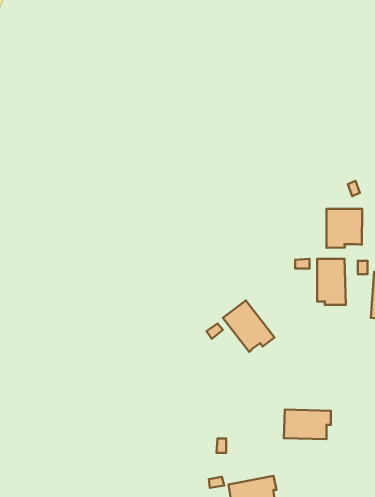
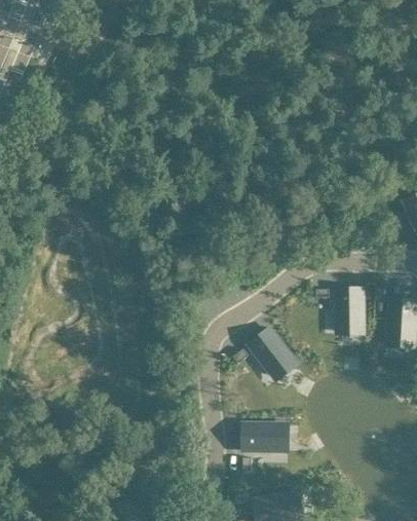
building: [327,209,362,248] -> none
building: [284,410,331,439] -> [244,425,289,453]

